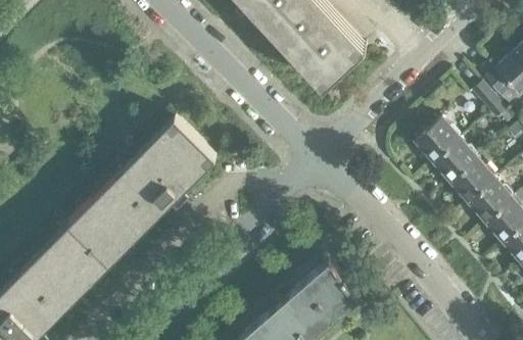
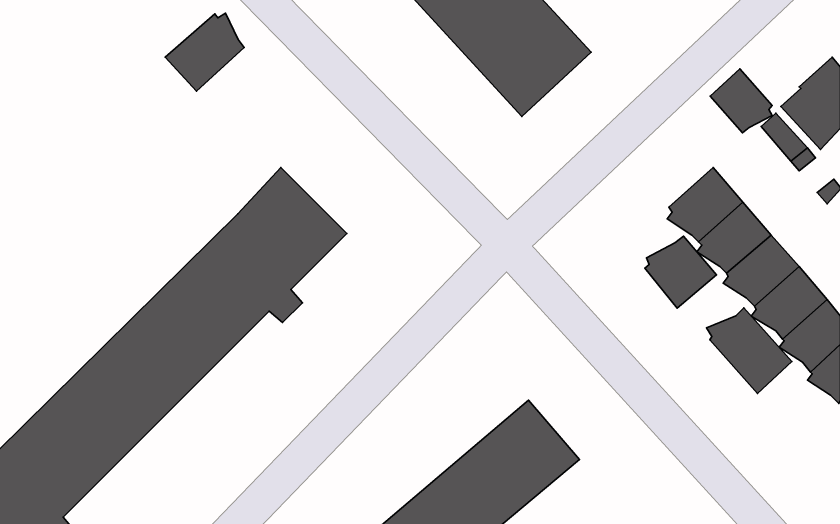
building: none -> [165,13,244,91]
building: none -> [710,69,772,133]
building: none -> [645,236,716,308]
building: none -> [707,308,792,394]

